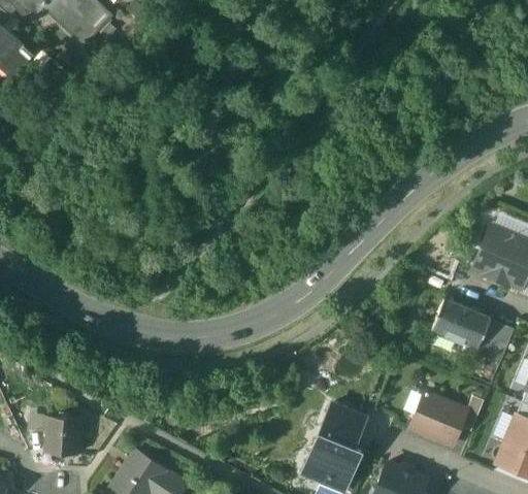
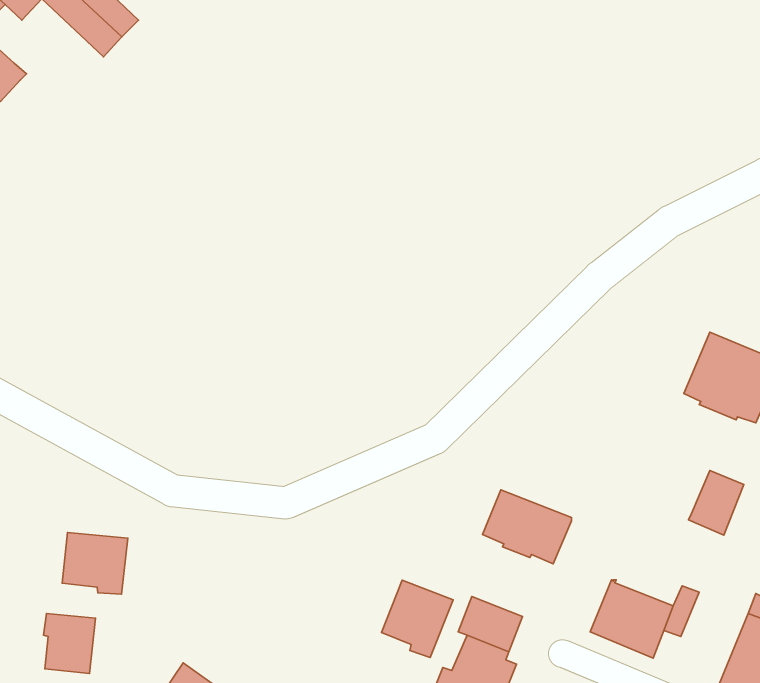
building: [431,298,491,348] -> [482,490,571,564]
building: none -> [62,532,128,594]
building: none -> [381,580,453,657]

